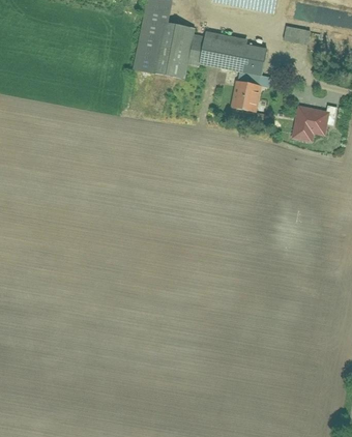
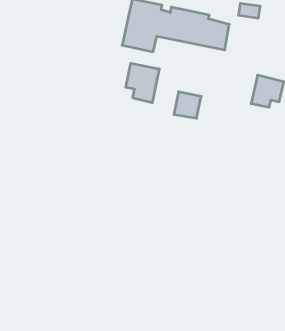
building: [229,81,260,111] -> [174,92,201,118]
building: none -> [126,63,159,103]

